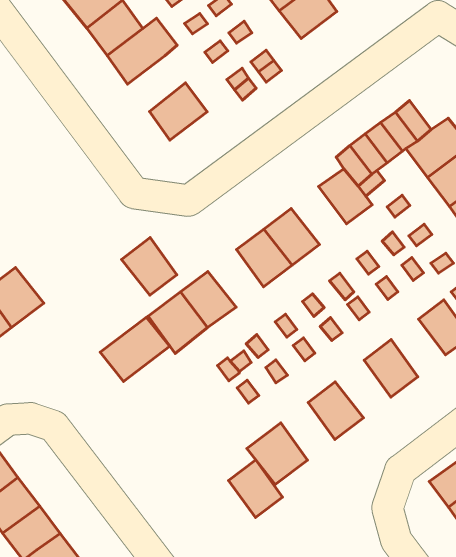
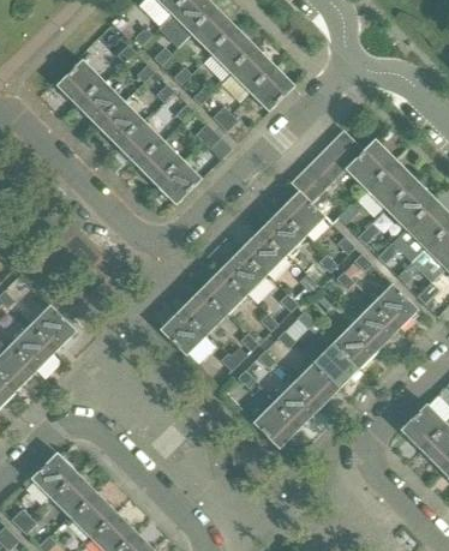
building: none -> [250,67,294,112]
building: none -> [118,121,163,167]
building: none -> [157,161,200,204]
building: none -> [261,208,306,253]
building: [121,238,177,295] -> [202,266,247,312]
building: [100,317,170,381] -> none
building: none -> [354,301,399,347]
building: none -> [315,340,360,385]
building: [229,460,283,518] -> [276,379,321,425]

